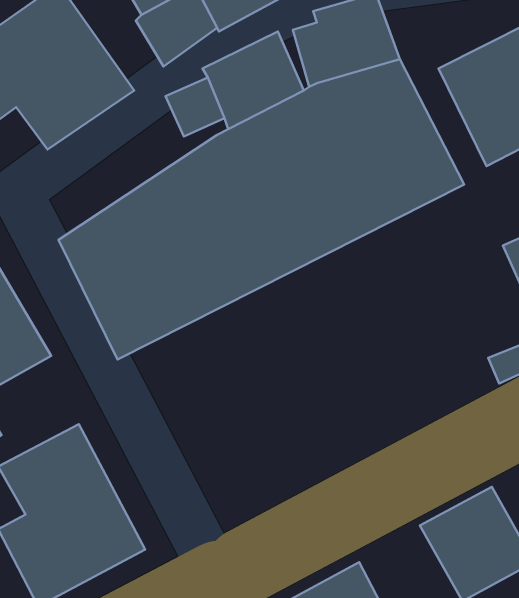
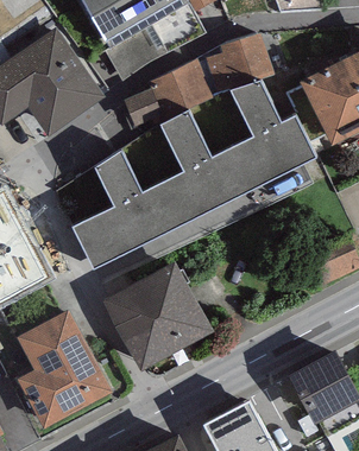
building: none -> [102,261,214,370]

